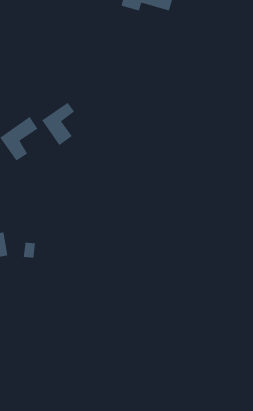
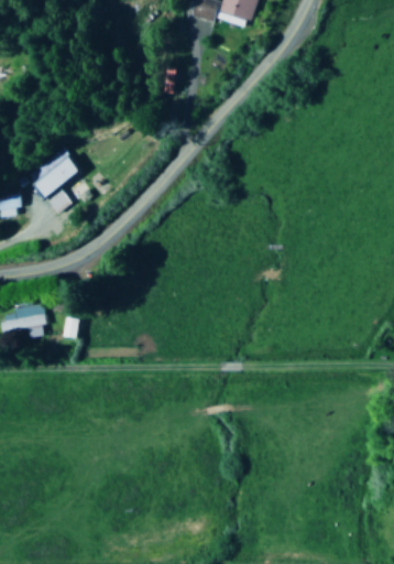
building: [41,102,75,146] -> none

